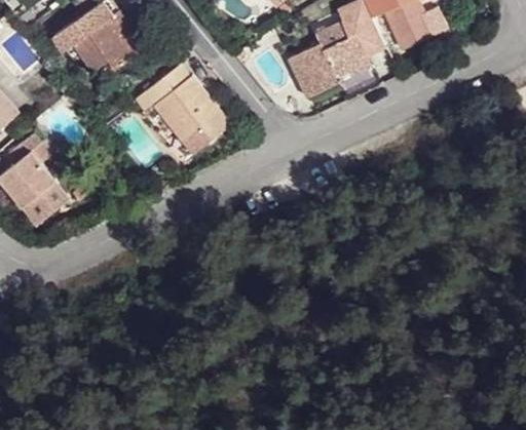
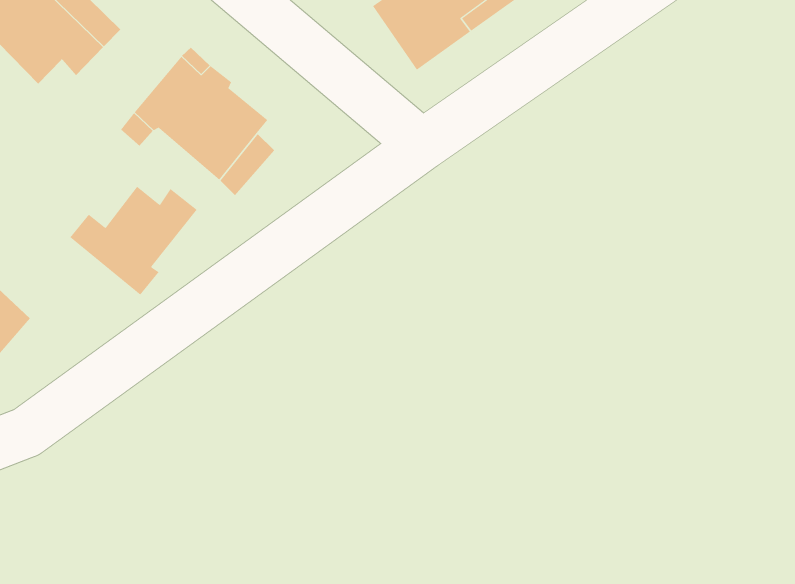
building: none -> [70,186,198,296]

